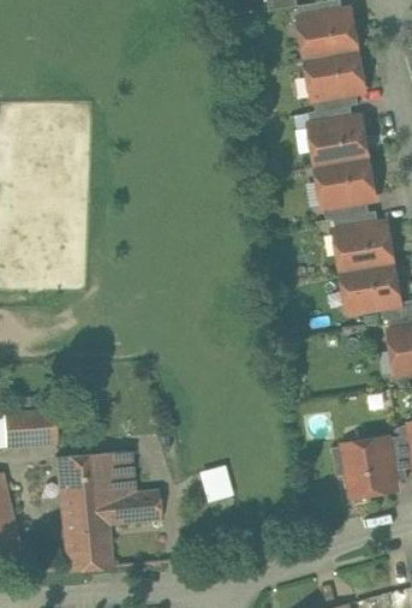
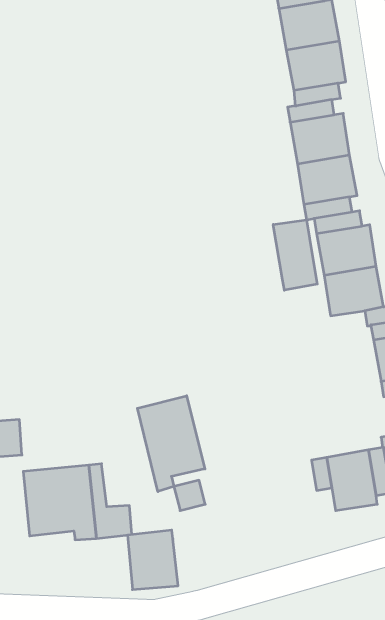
building: none -> [273,220,317,290]
building: none -> [137,396,205,492]
building: [62,515,111,572] -> [127,530,178,590]

